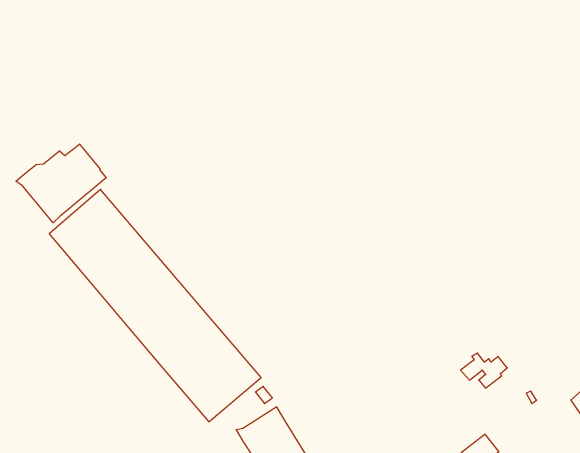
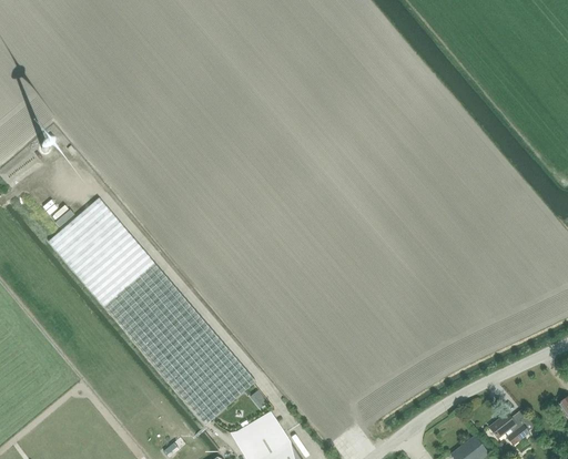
building: [16,144,106,223] -> none
building: [461,353,507,388] -> [488,411,534,446]

